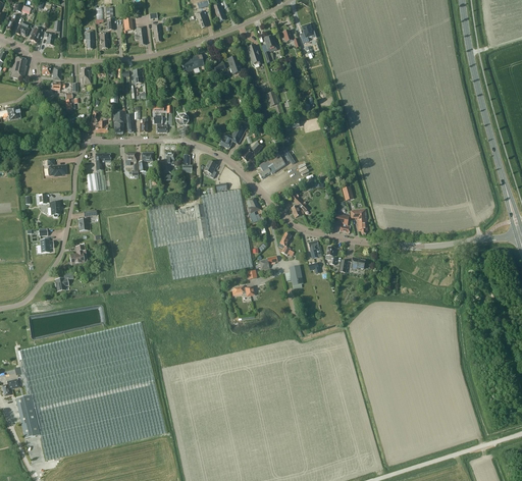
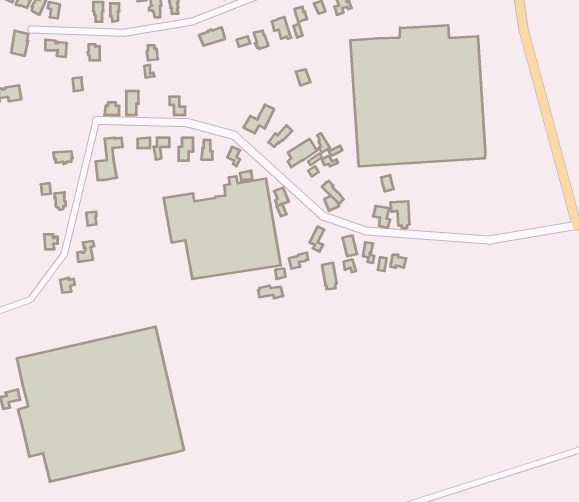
building: none -> [351,25,485,166]

